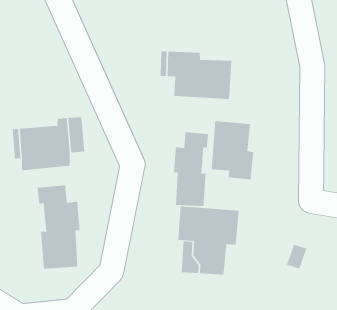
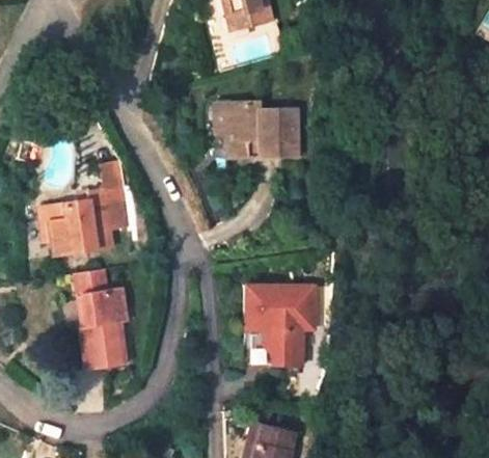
building: [211,121,254,180] -> none
building: [173,132,208,207] -> none

